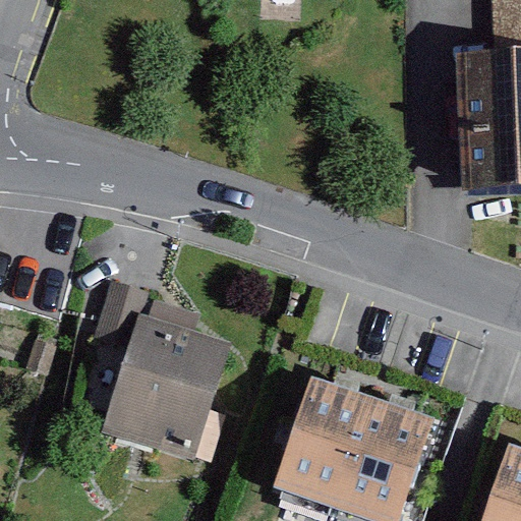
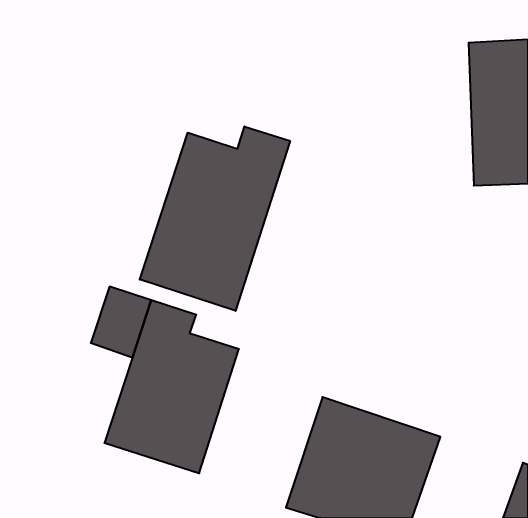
building: none -> [140,126,290,311]

